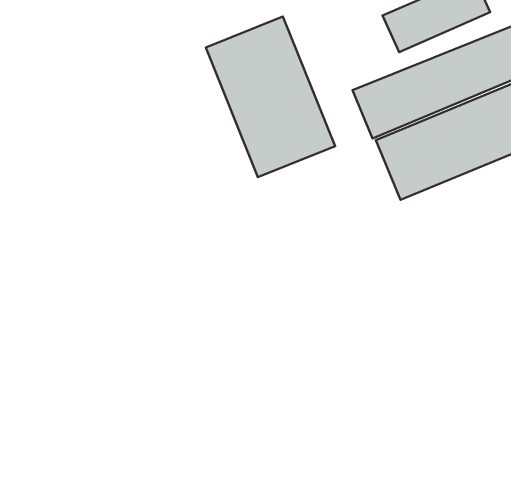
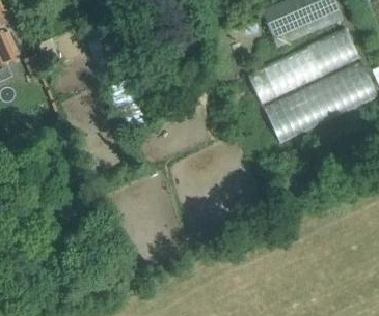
building: [206,17,335,177] -> none

